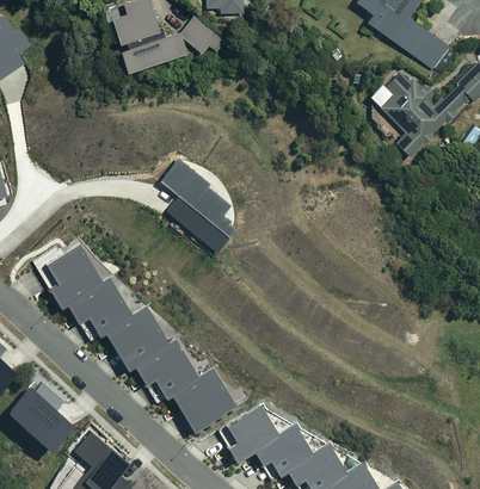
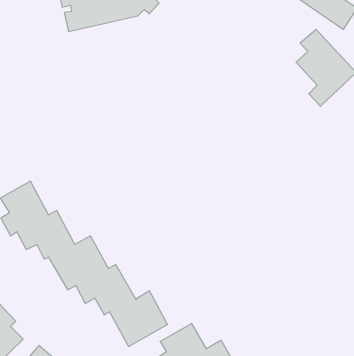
building: [162,162,239,255] -> none

